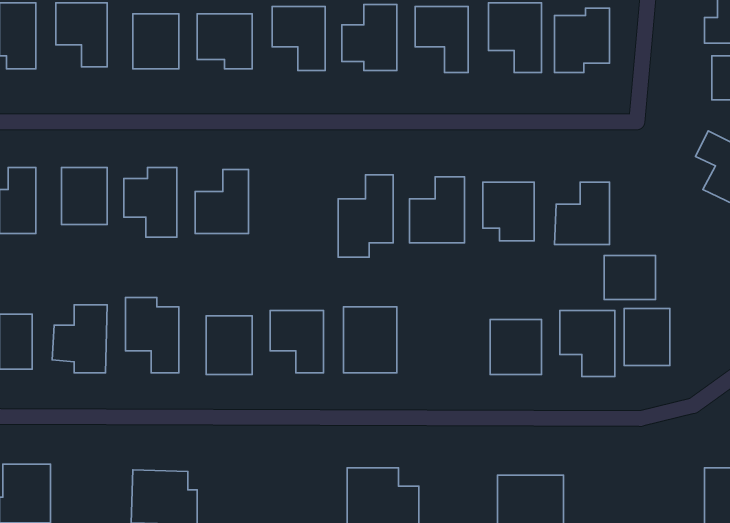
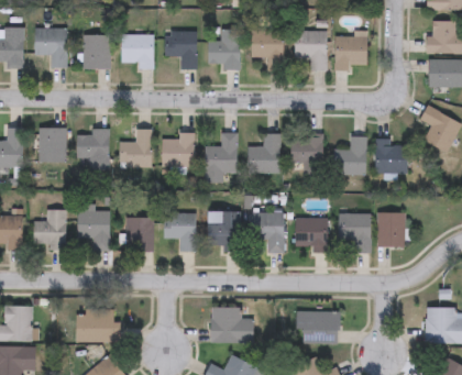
building: none -> [162,133,194,167]
building: [604,255,655,299] -> [376,146,407,173]
building: none -> [253,212,284,252]

